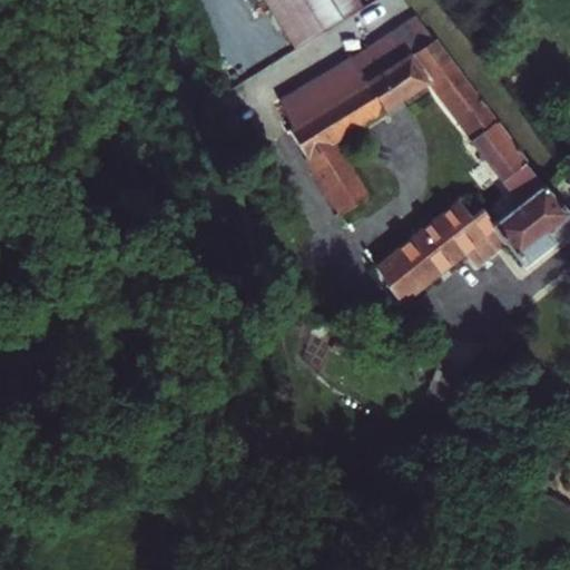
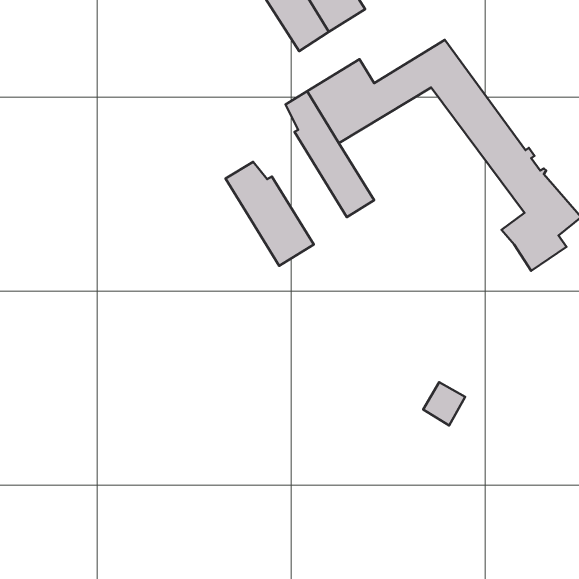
building: [354,17,438,81] -> none
building: none -> [225,162,314,266]
building: [376,202,505,302] -> none

